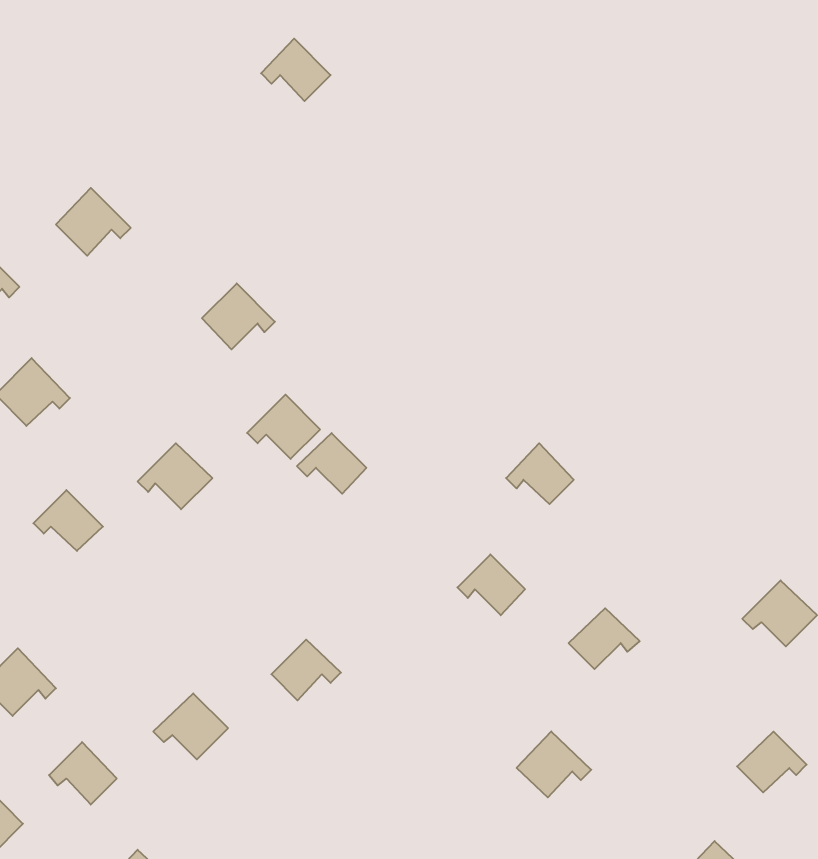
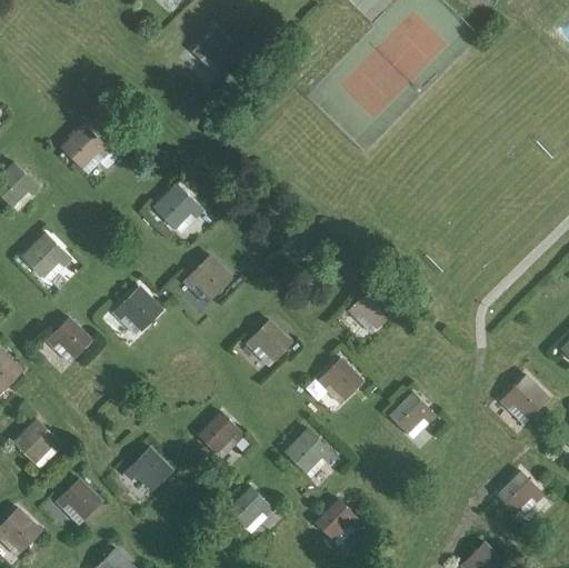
building: [297,433,366,494] -> [246,321,290,360]
building: none -> [284,429,332,471]
building: [517,731,591,797] -> [312,497,360,539]
building: none -> [228,487,276,529]

